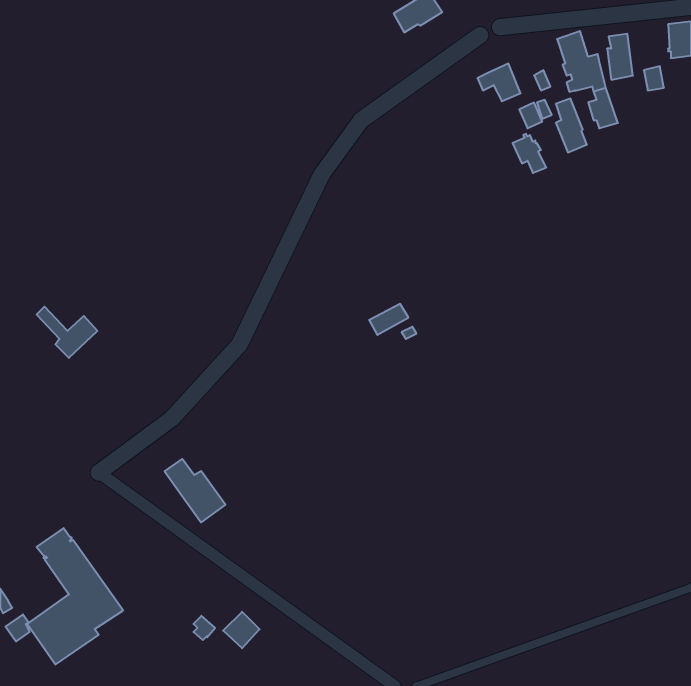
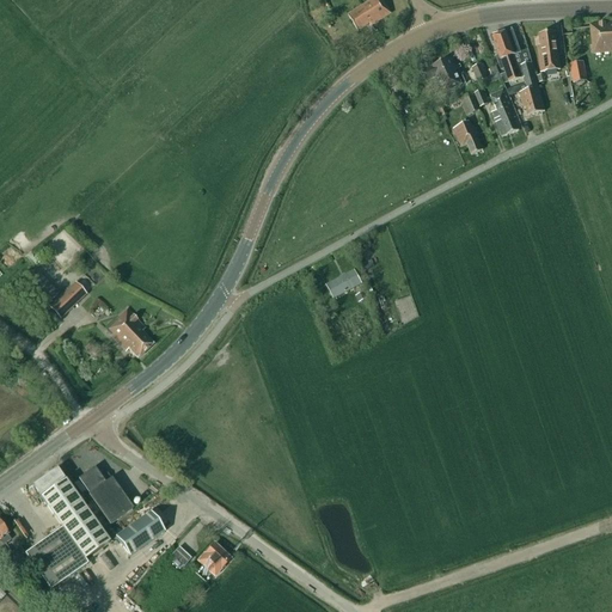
building: none -> [105,308,153,357]
building: [165,459,225,522] -> [78,466,131,522]
building: none -> [115,509,165,555]

